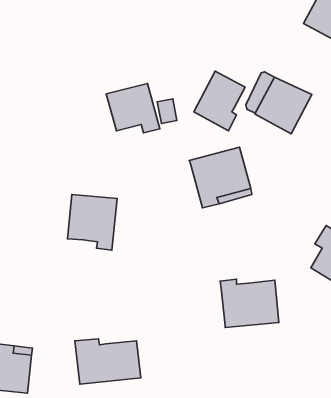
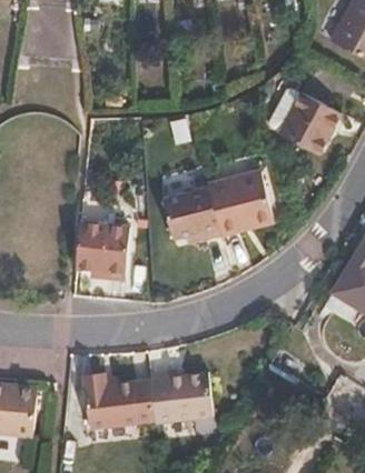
building: [194,71,245,131] -> none
building: [106,83,160,133] -> [164,187,221,240]
building: [220,279,279,328] -> [149,369,213,421]

